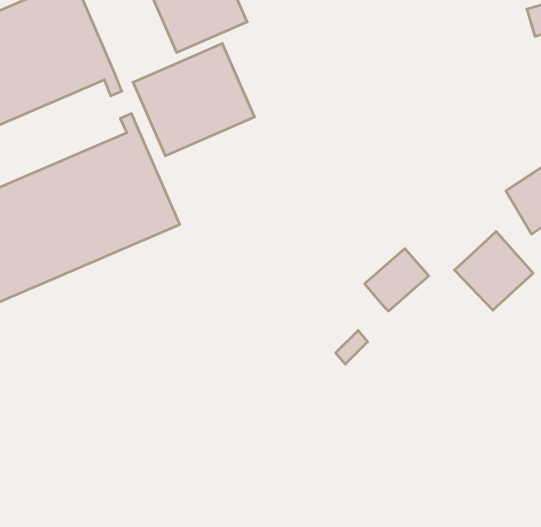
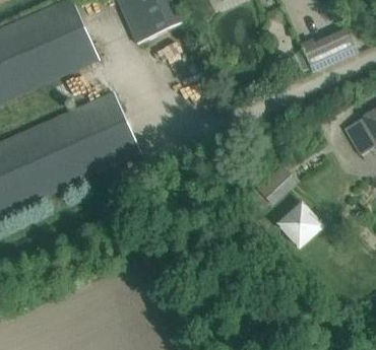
building: none -> [303,31,357,72]
building: [133,43,254,156] -> none
building: [454,231,533,310] -> [275,200,325,250]

